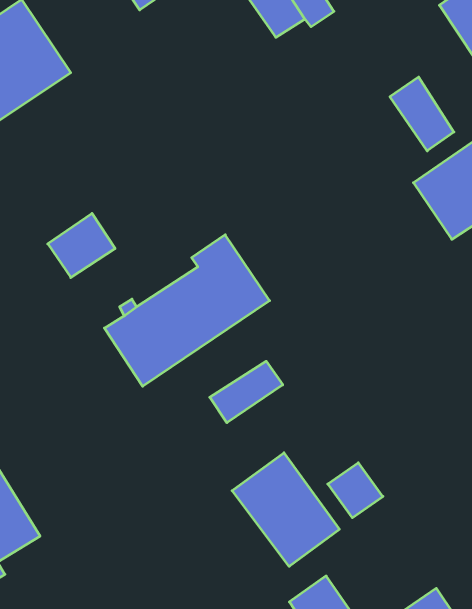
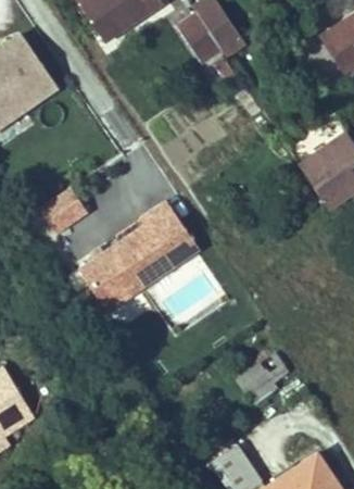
building: [390,77,454,151] -> none
building: [210,361,283,423] -> none
building: [232,453,339,566] -> none

